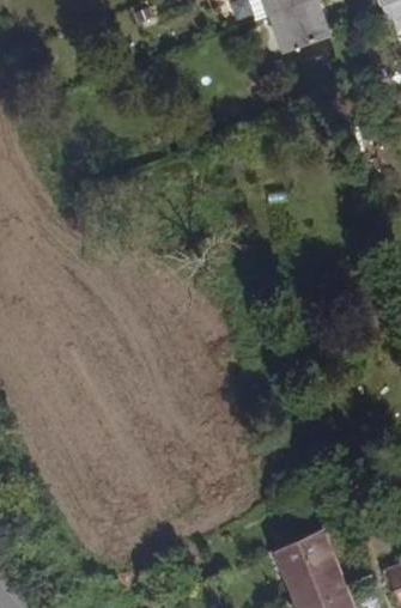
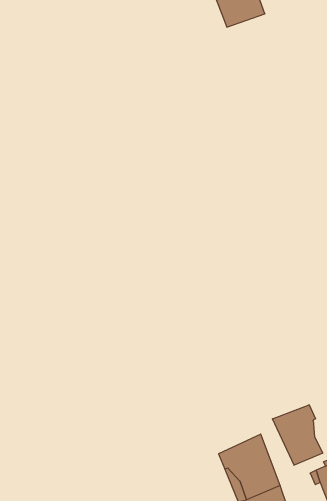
building: none -> [272,405,323,465]

